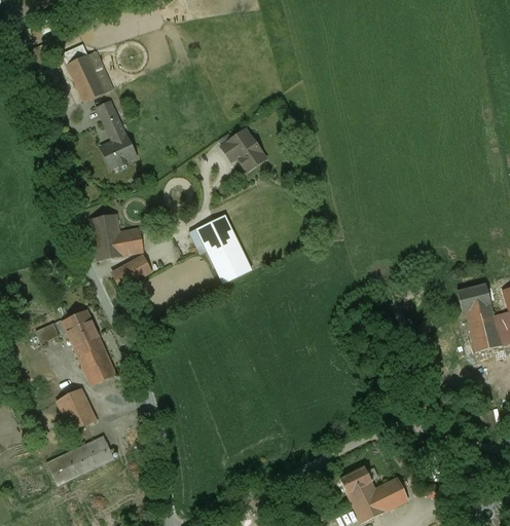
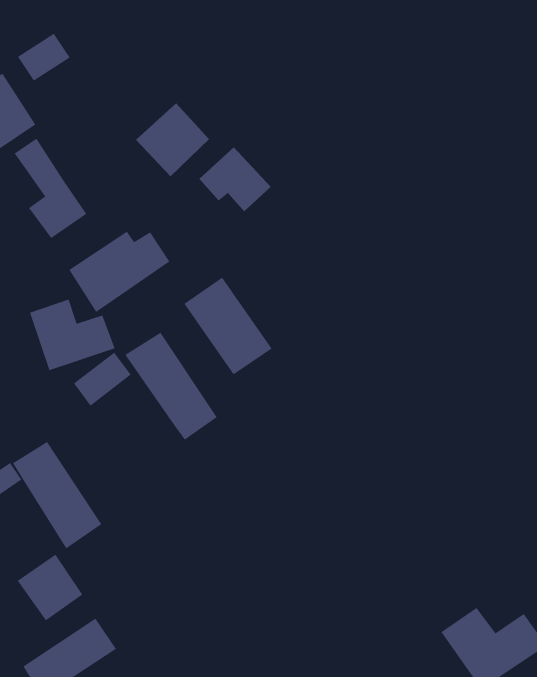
building: none -> [17,33,70,82]
building: none -> [135,102,210,177]
building: none -> [68,231,170,313]
building: none -> [125,332,218,441]

